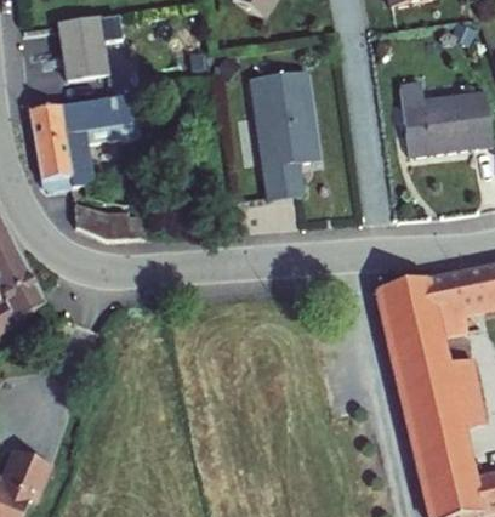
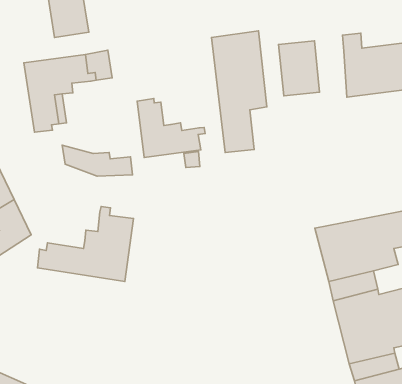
building: none -> [279,41,319,96]
building: none -> [137,99,205,157]
building: none -> [37,207,134,282]

